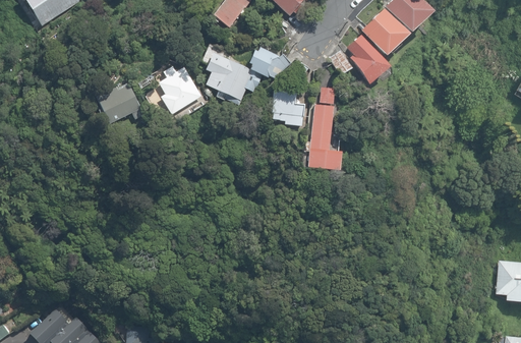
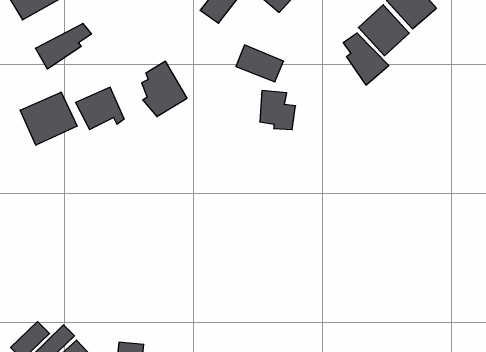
building: none -> [36,23,91,69]
building: [200,54,257,102] -> none
building: [302,89,337,172] -> none
building: none -> [20,92,77,145]

